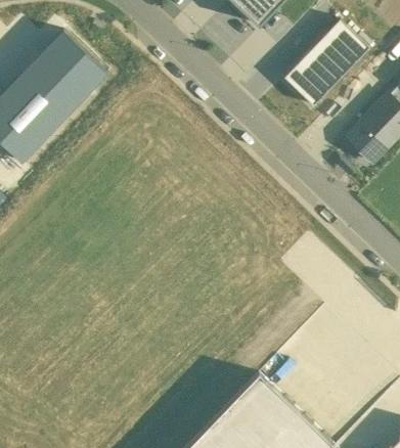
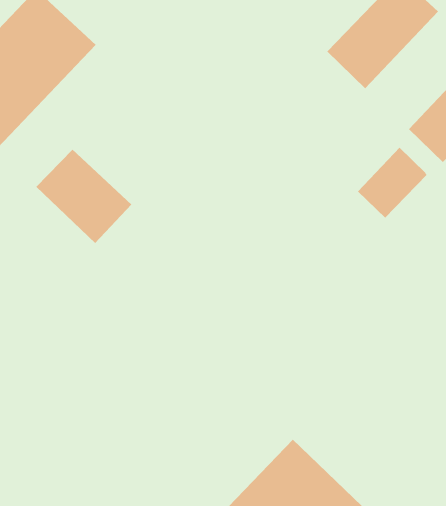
building: none -> [357,147,427,218]
building: none -> [36,149,132,244]

